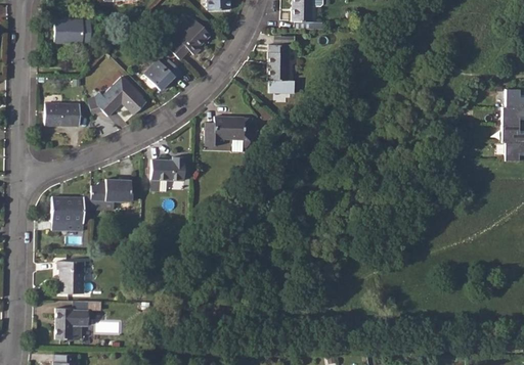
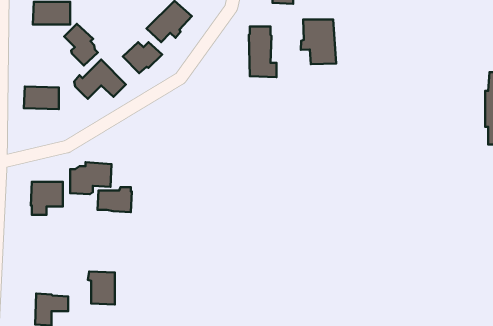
building: none -> [301,19,336,64]
building: none -> [64,24,98,65]
building: [205,117,258,147] -> none
building: [151,156,185,181] -> [98,187,132,212]
building: [57,261,84,293] -> [88,272,115,305]

